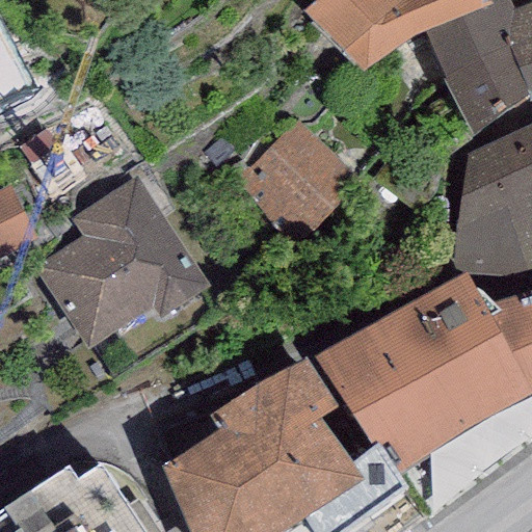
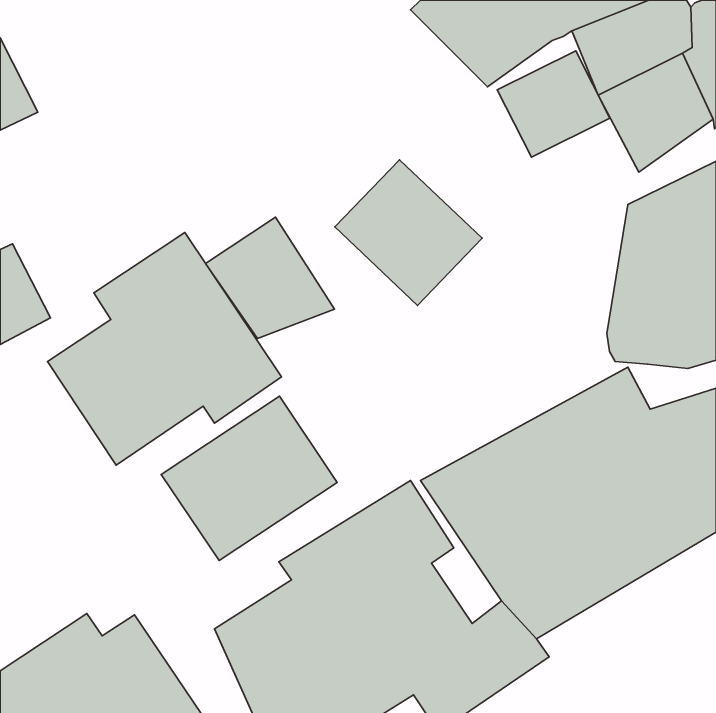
building: none -> [497,51,610,157]
building: none -> [206,217,334,339]
building: none -> [161,396,337,561]

